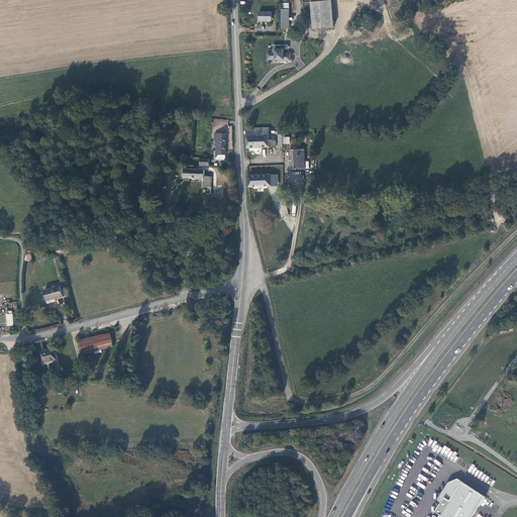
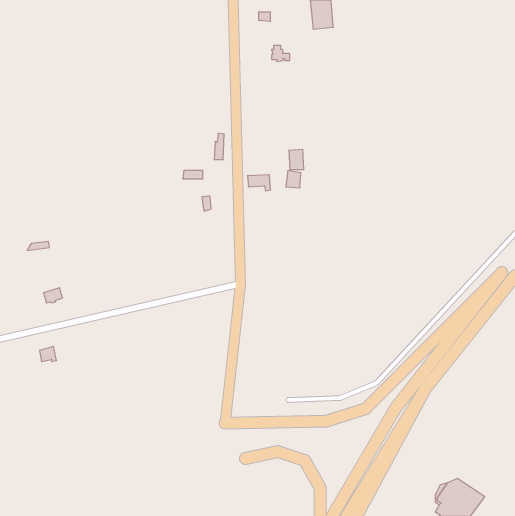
building: [245,128,275,148] -> none
building: [79,332,112,353] -> none

